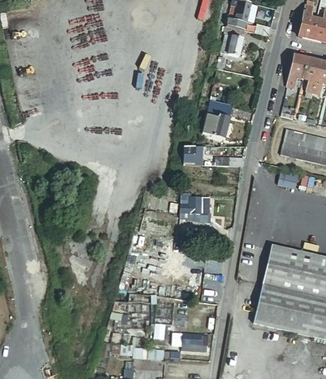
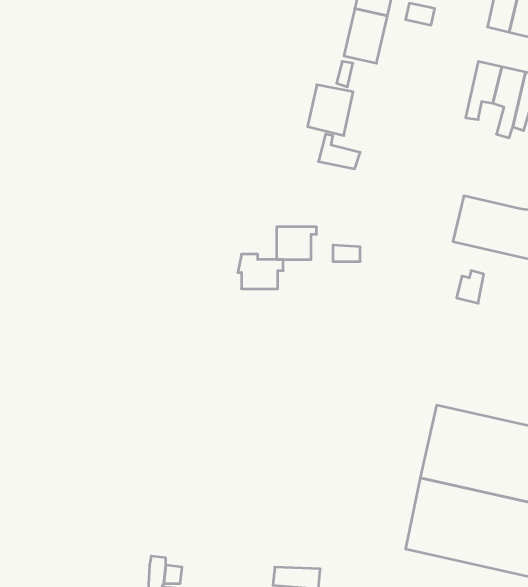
building: [202,110,227,138] -> [308,85,353,136]
building: [180,194,205,213] -> [238,254,283,289]

